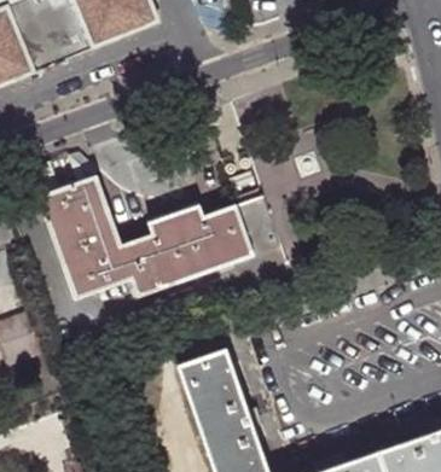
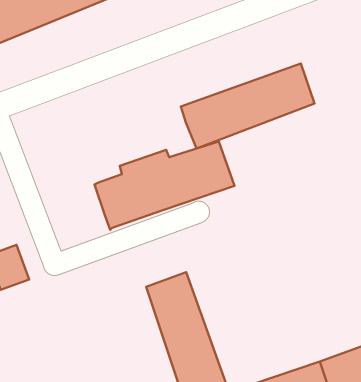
building: none -> [181,64,315,149]
building: [36,175,129,298] -> none

